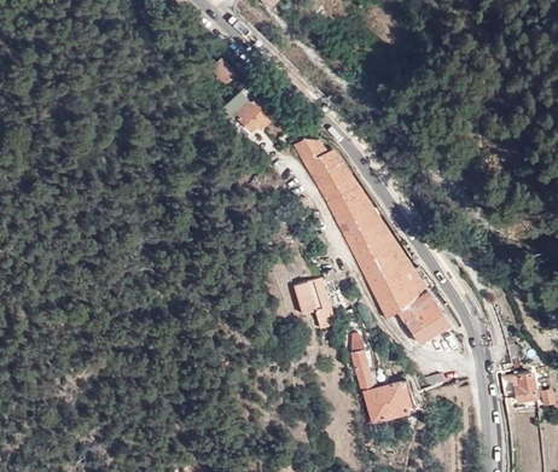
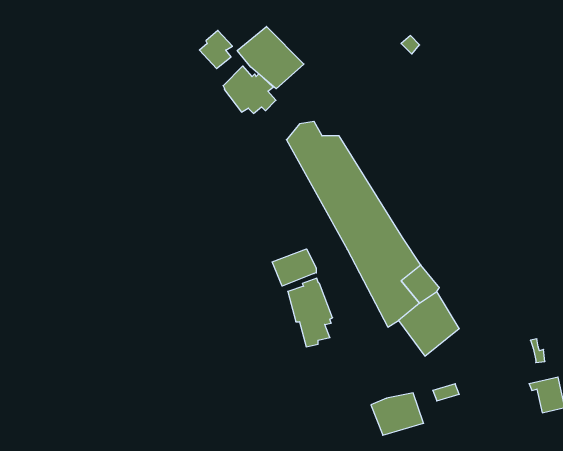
building: none -> [237,26,304,89]
building: none -> [272,249,316,286]
building: [353,355,379,395] -> none

